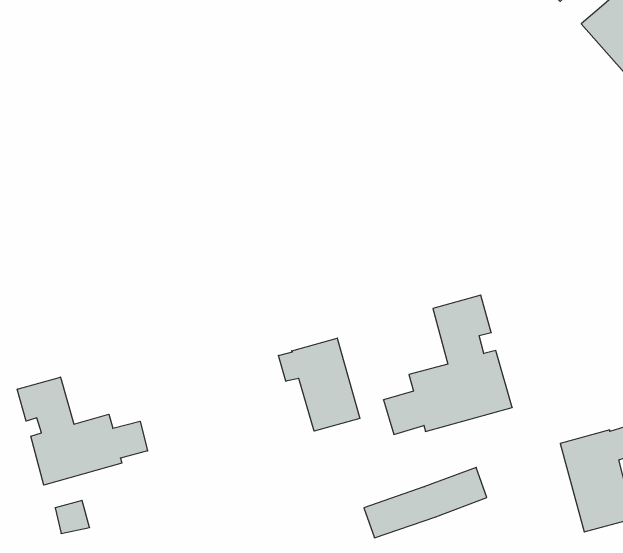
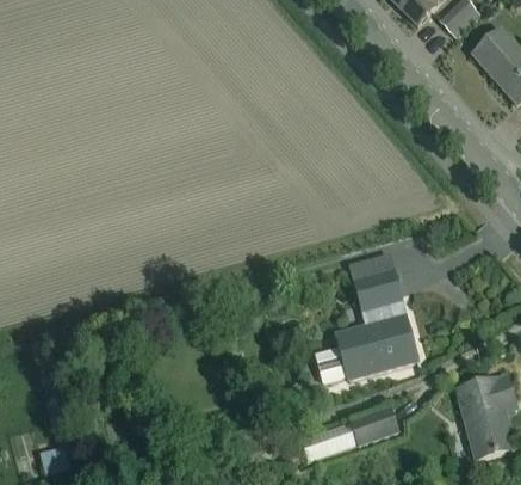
building: [278,338,360,431] -> none
building: [17,377,148,485] -> none

